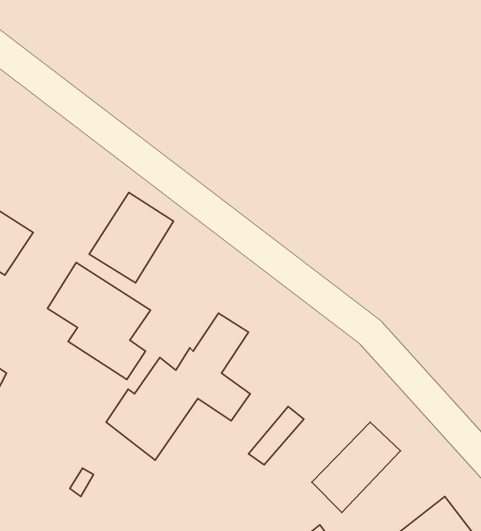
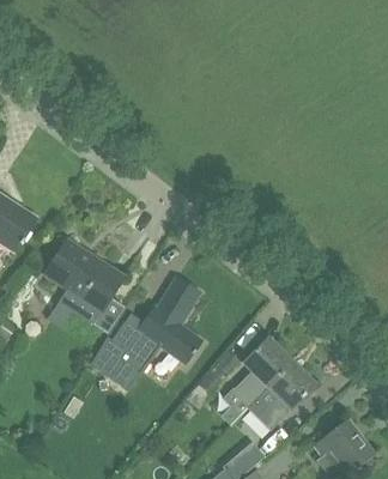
building: [89,193,173,283] -> none
building: none -> [222,340,290,416]

